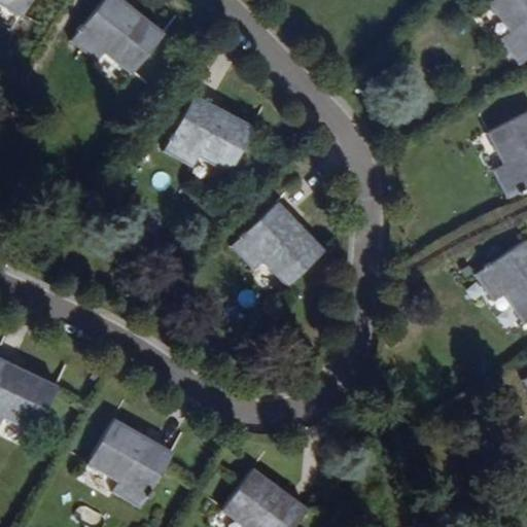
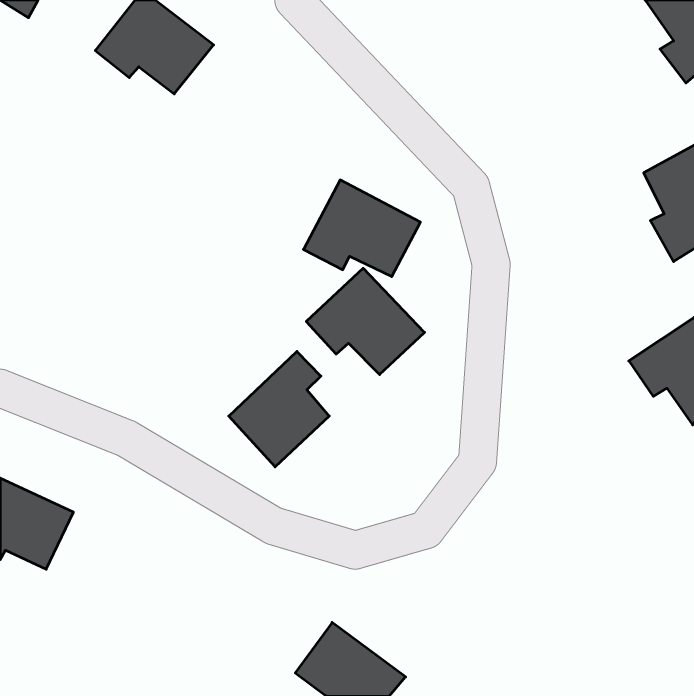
building: [164,96,252,169] -> [303,180,420,277]
building: none -> [229,351,329,467]
building: [91,421,173,507] -> none

